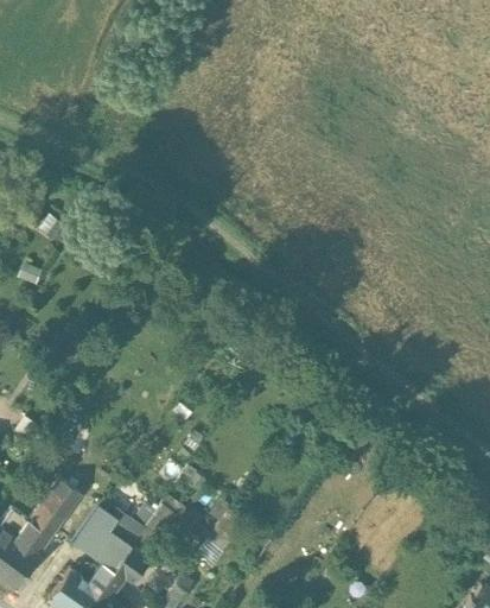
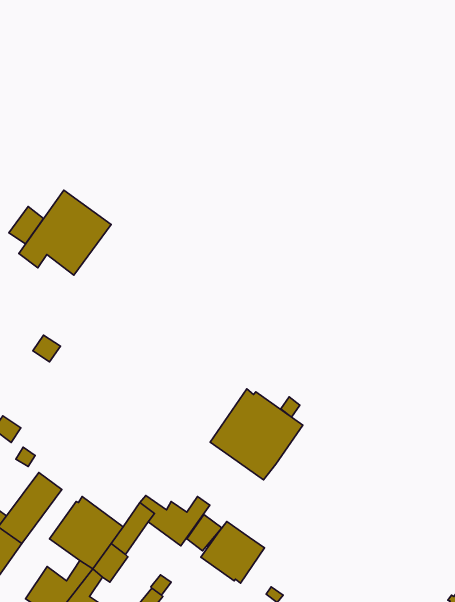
building: none -> [19,190,111,275]
building: none -> [210,389,303,480]
building: none -> [201,521,264,583]

